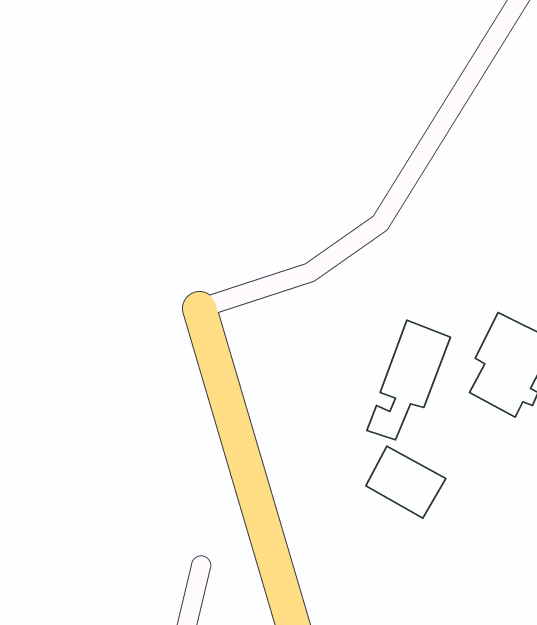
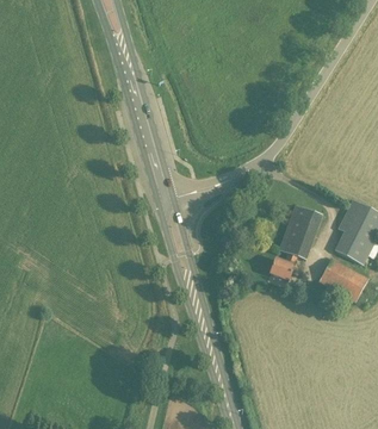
building: [366,446,446,518] -> [318,257,368,303]

